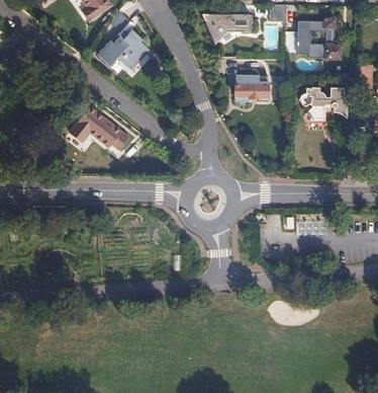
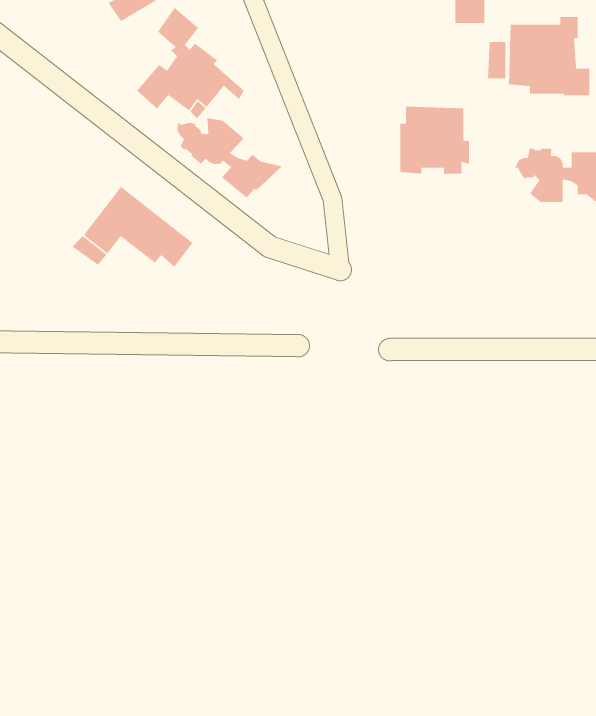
building: [201,13,250,43] -> none
building: none -> [177,117,283,199]

